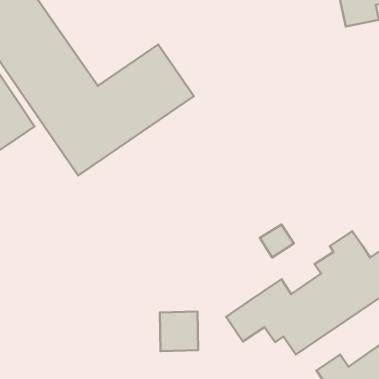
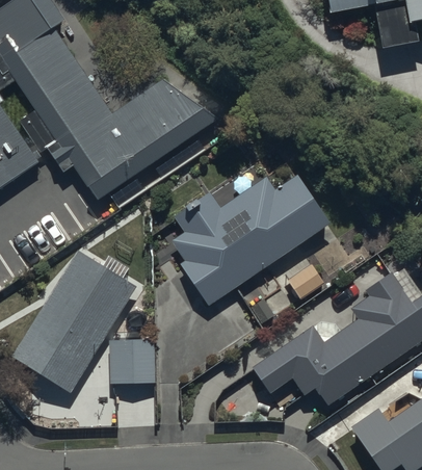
building: none -> [172,176,327,305]
building: none -> [11,250,136,392]
building: [160,312,198,351] -> [109,340,152,384]

